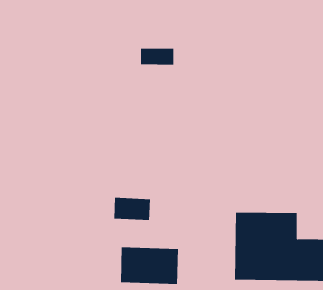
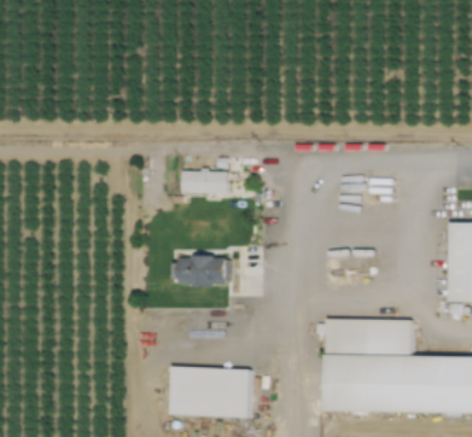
building: [140,48,174,65] -> [181,170,227,193]
building: [113,197,151,221] -> [176,255,227,286]

